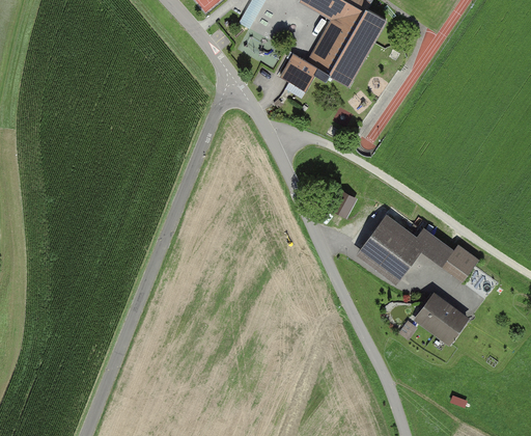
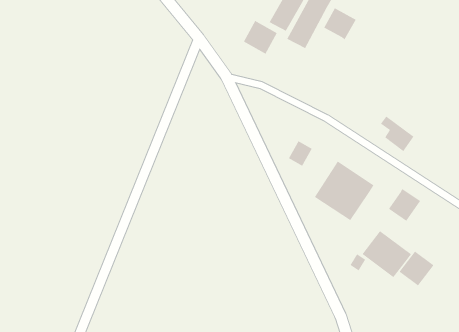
building: none -> [323,7,357,40]
building: [417,223,456,265] -> [380,116,415,152]
building: none -> [398,251,434,286]

